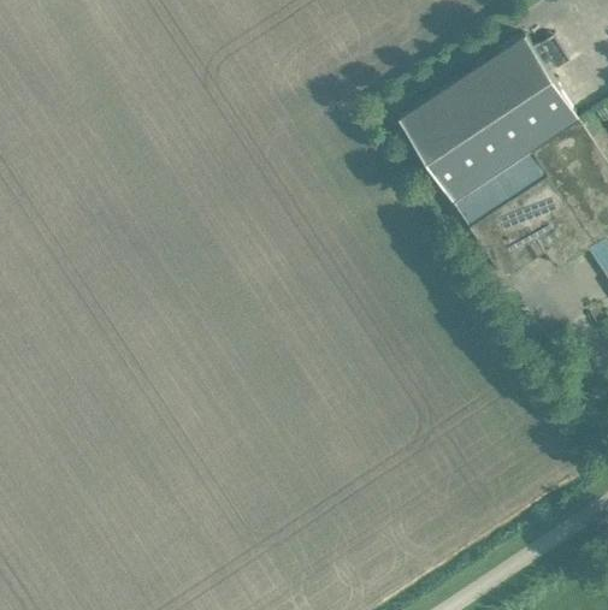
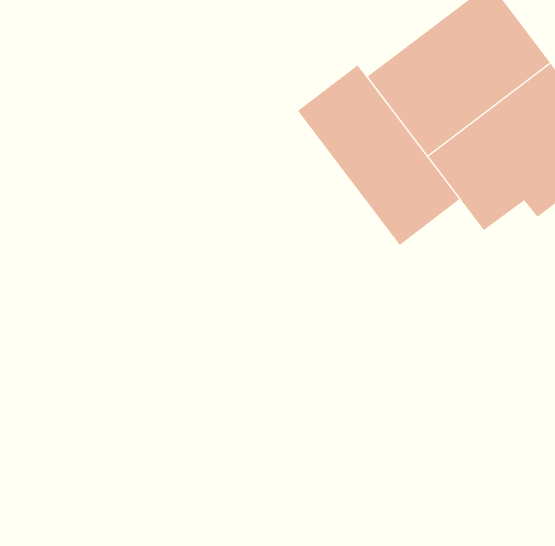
building: none -> [297,64,460,246]

